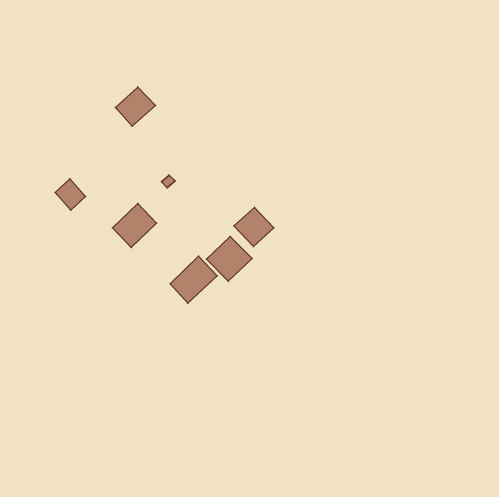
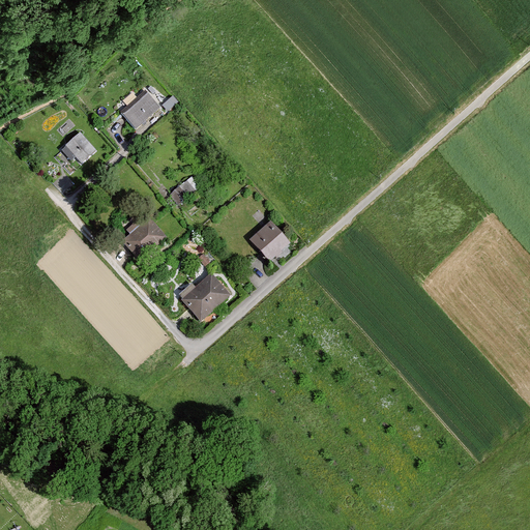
building: [55,179,85,210] -> [64,129,96,163]
building: [206,237,252,281] -> none

